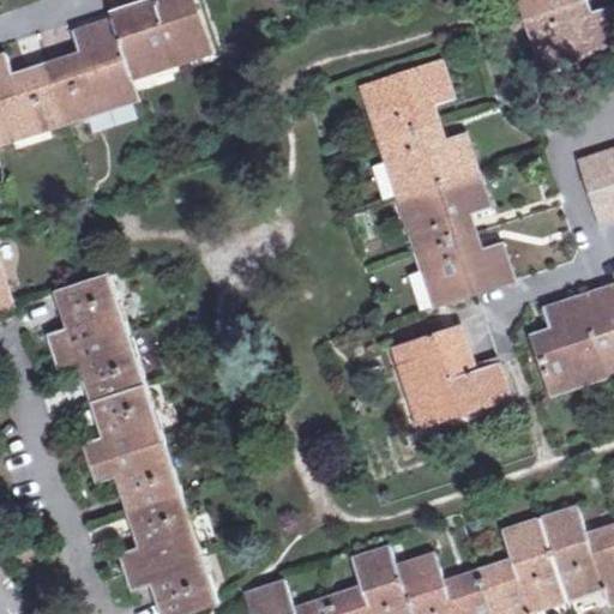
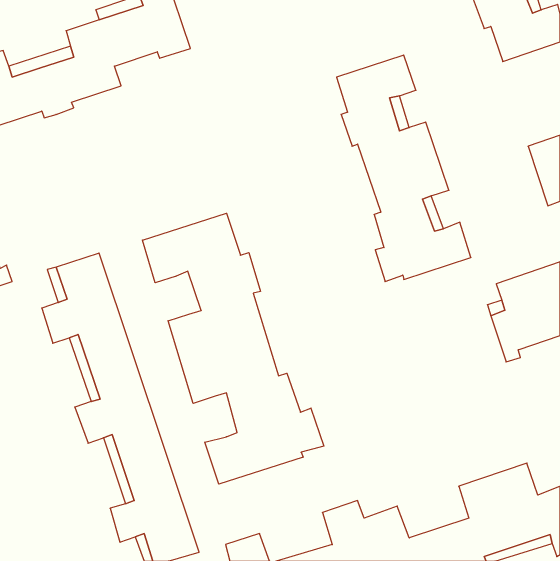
building: none -> [142,213,324,484]
building: [401,327,508,427] -> none

